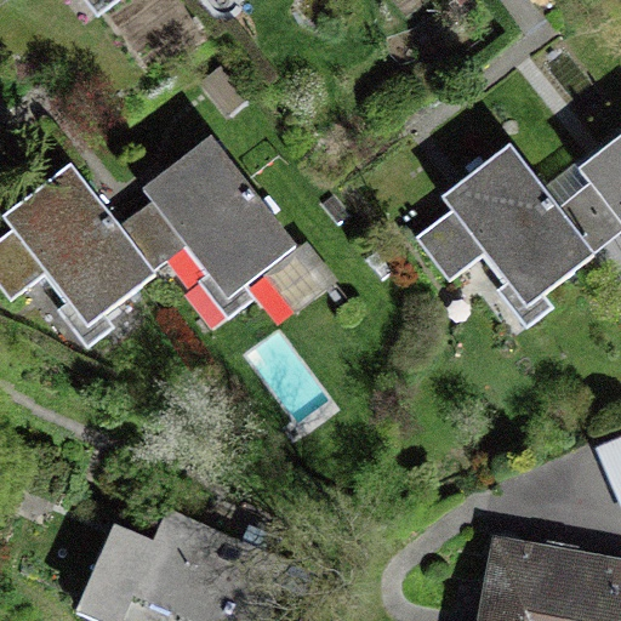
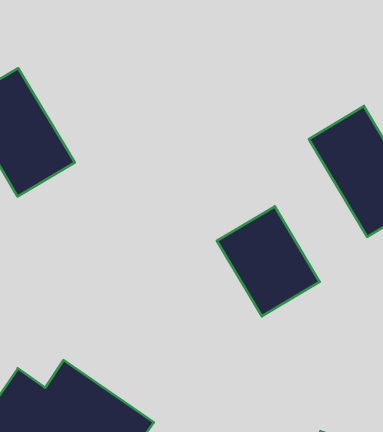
building: [137,131,292,294] -> none
building: none -> [217,206,320,316]

